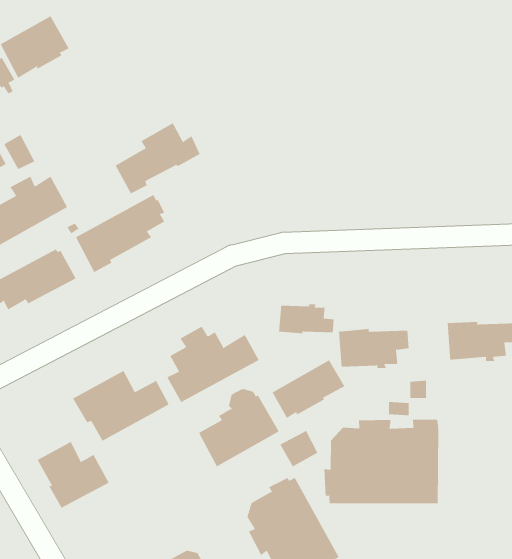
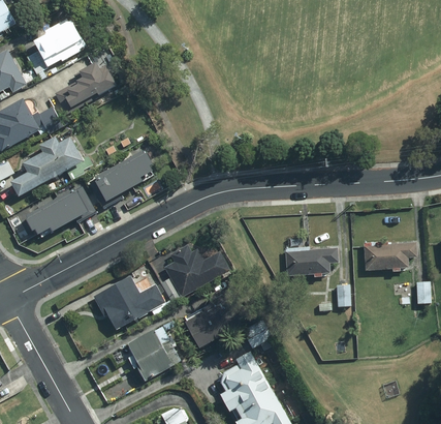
building: [115,123,200,194] -> [58,61,120,113]
building: [278,304,334,334] -> none
building: [272,360,345,419] -> none
building: [324,419,439,504] -> none
building: [37,441,110,508] -> [124,330,177,378]

